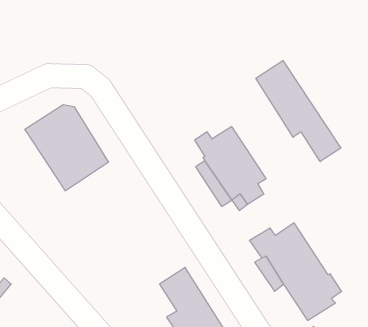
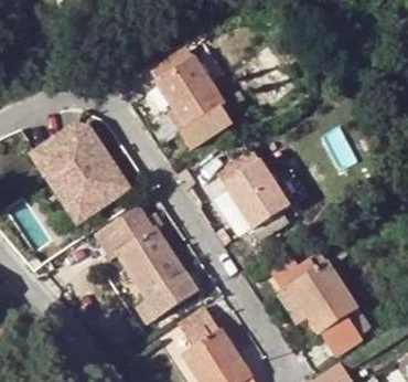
building: none -> [151,45,230,147]
building: [256,61,341,162] -> none
building: none -> [96,203,196,321]

